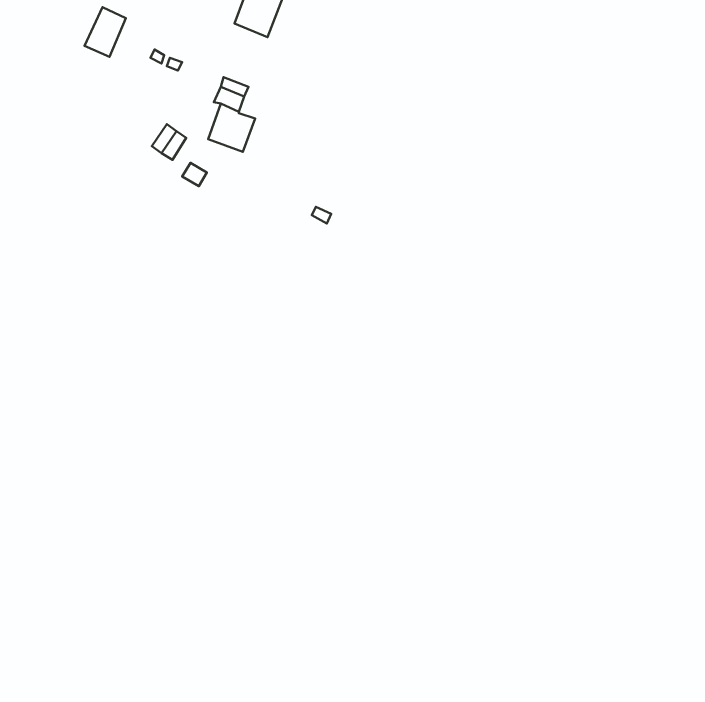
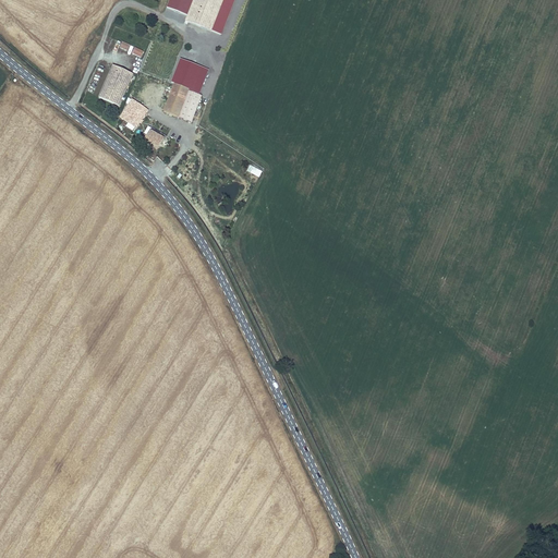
building: [85,7,126,57] -> [99,64,132,104]

